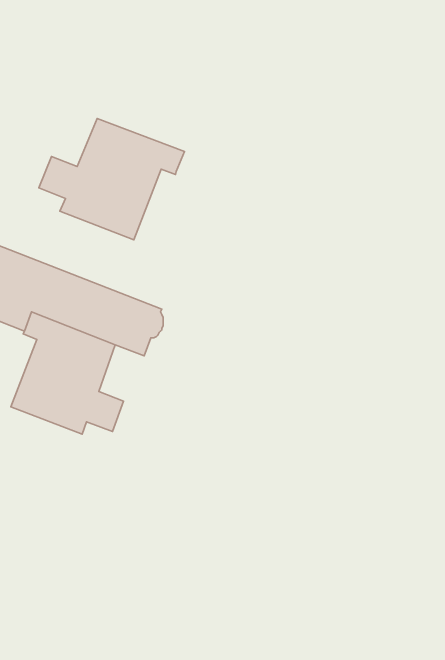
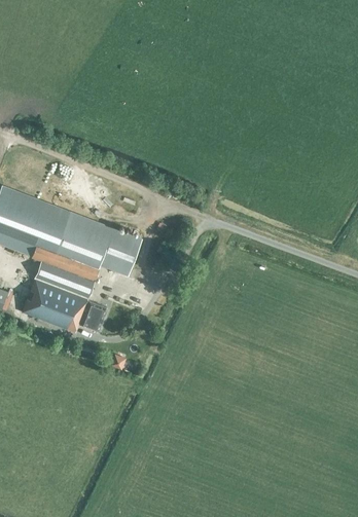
building: [39,118,185,240] -> none

